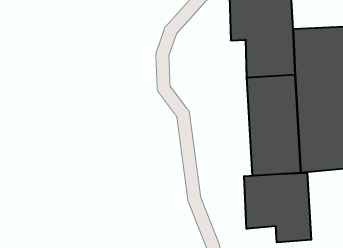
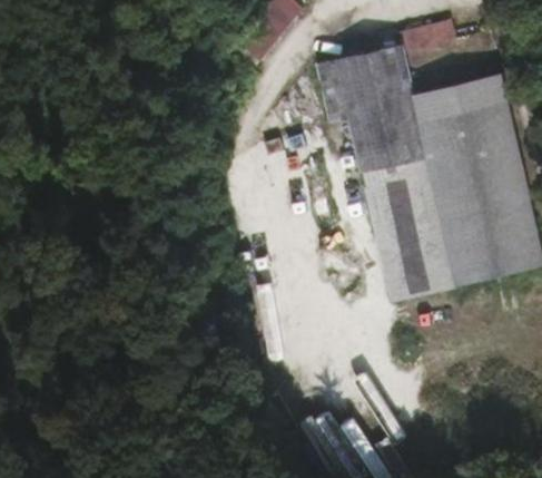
building: [244,173,311,242] -> none

